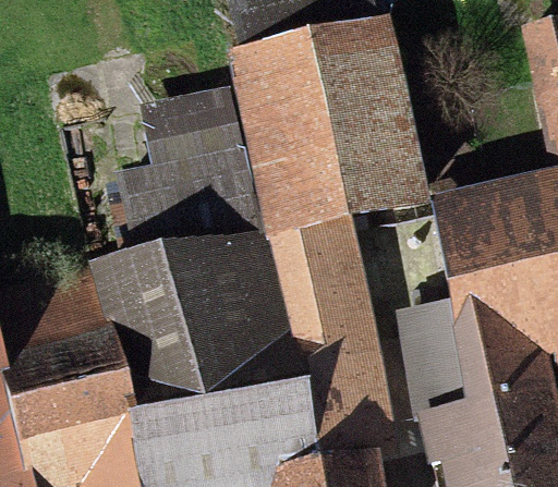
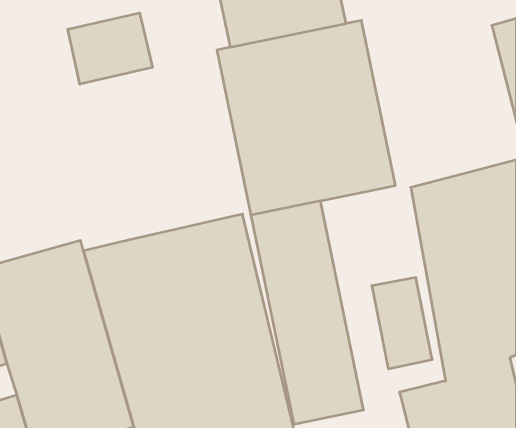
building: none -> [68,13,153,84]
building: [121,97,266,279] -> none

